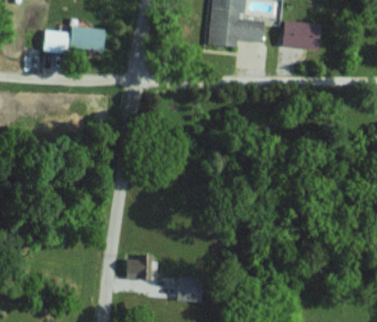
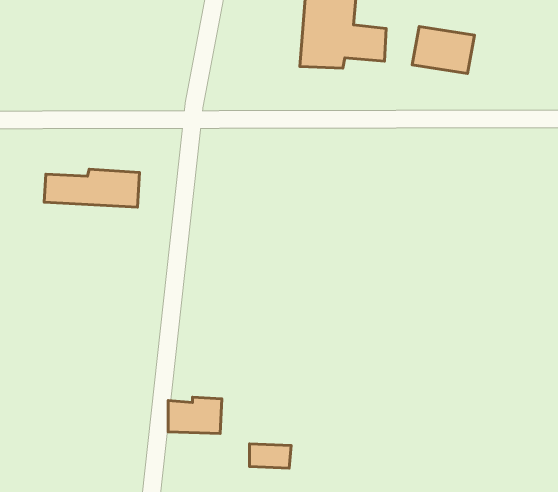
building: [43,27,104,51] -> [44,169,139,207]

